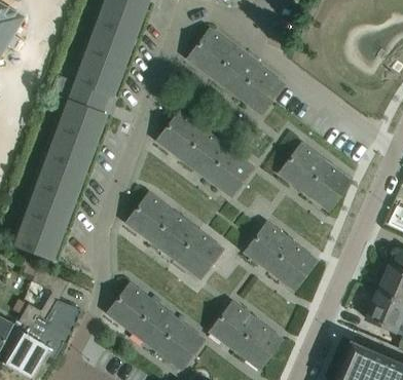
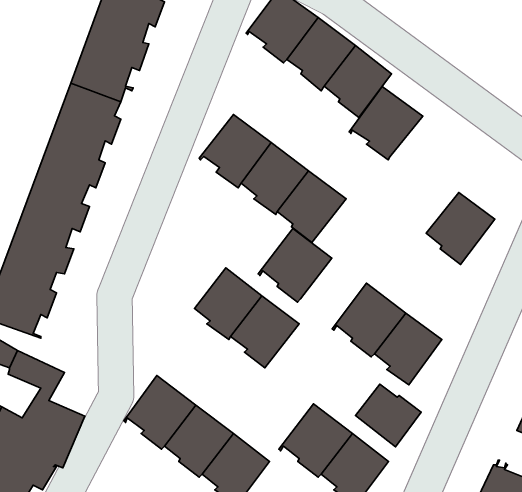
building: [279,144,327,192] -> [349,86,423,160]
building: [125,193,174,241] -> [258,229,332,302]
building: none -> [356,384,421,447]

